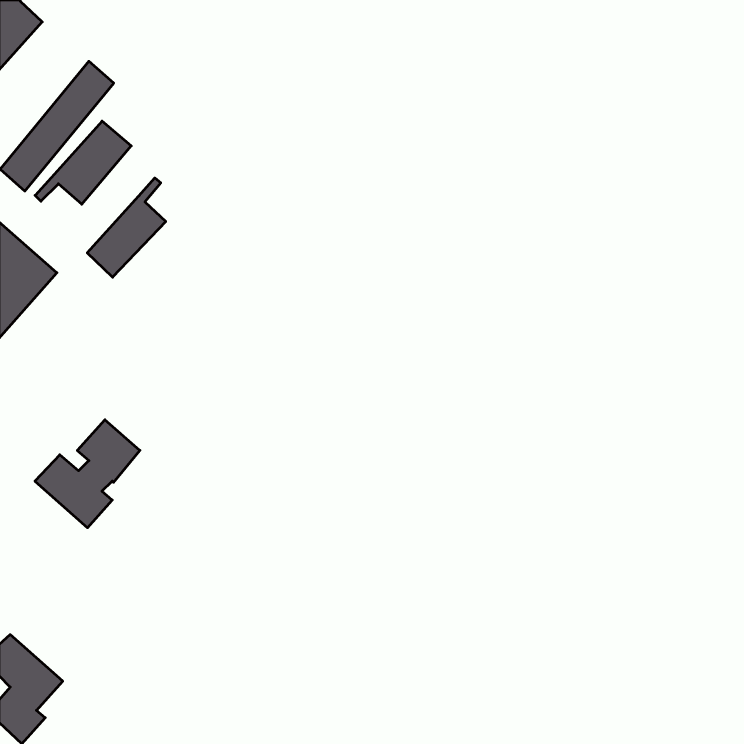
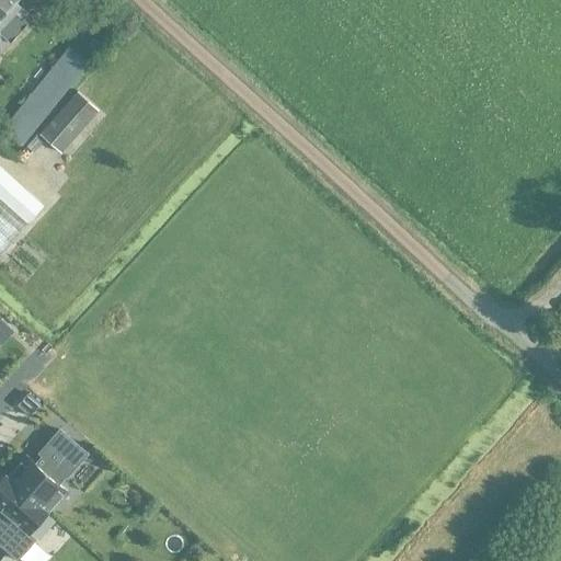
building: [87,178,166,277] -> none
building: [35,420,140,528] -> [8,432,87,513]

